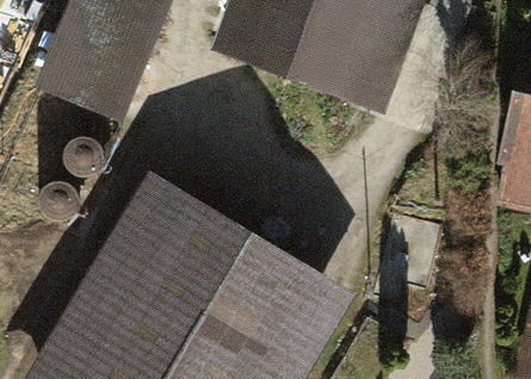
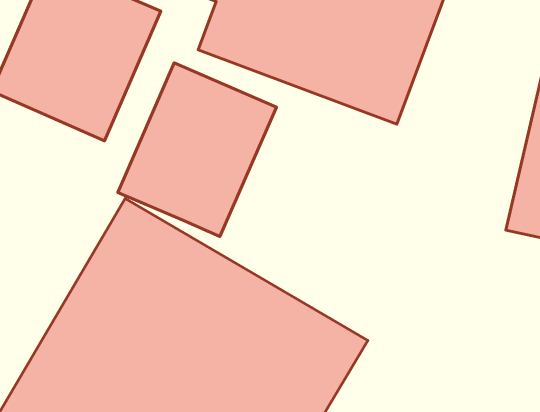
building: none -> [118,63,276,237]

